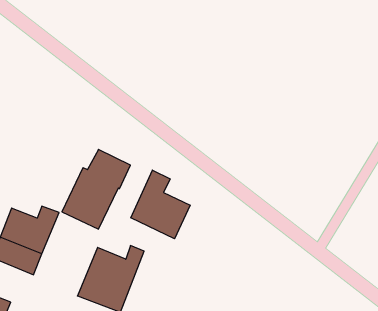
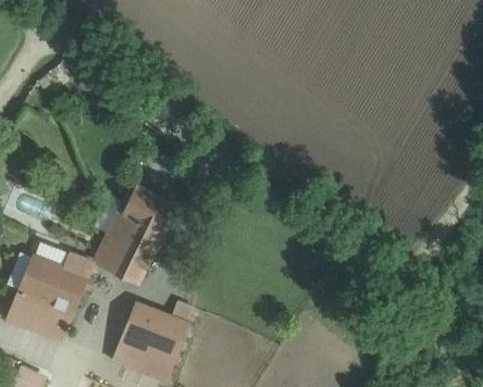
building: [131,170,190,239] -> none

